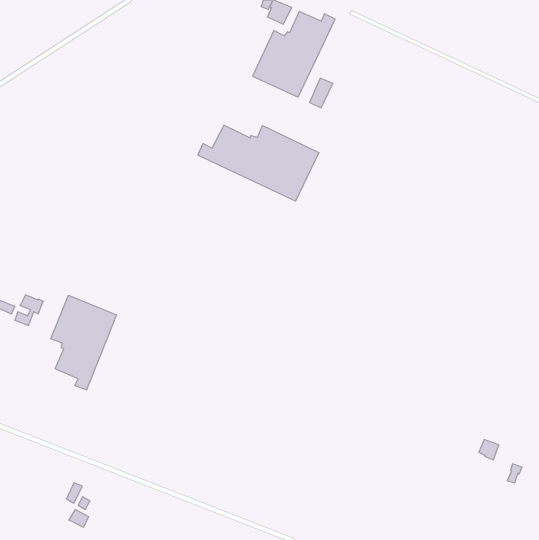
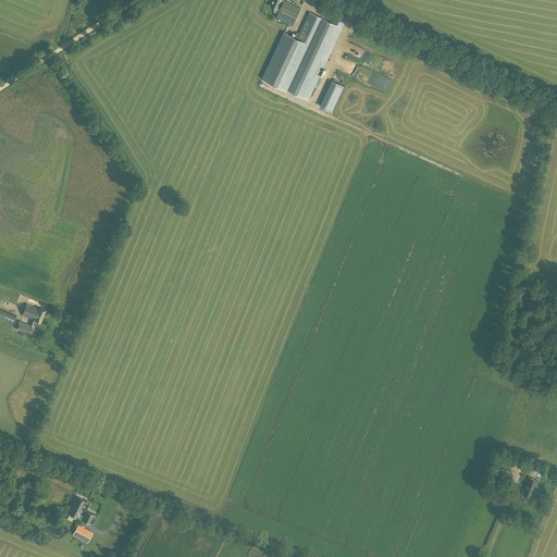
building: [198,125,319,201] -> none
building: [51,295,116,390] -> none

